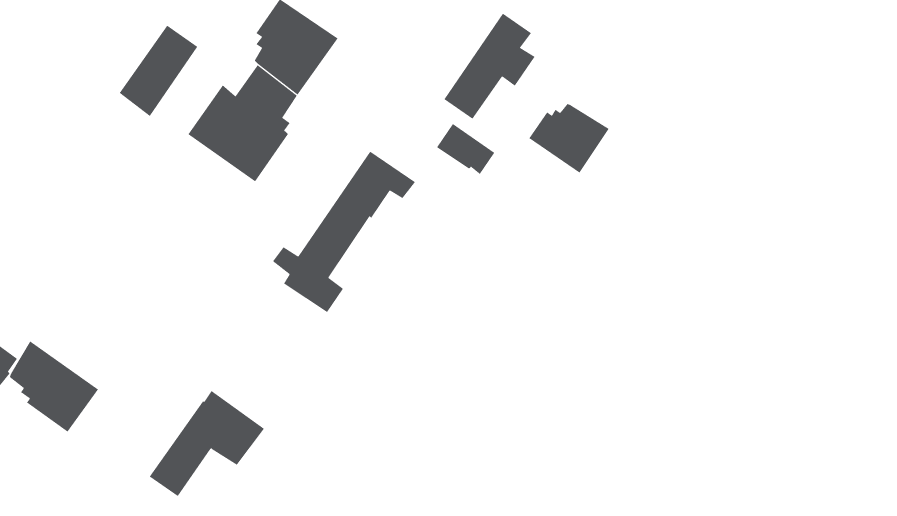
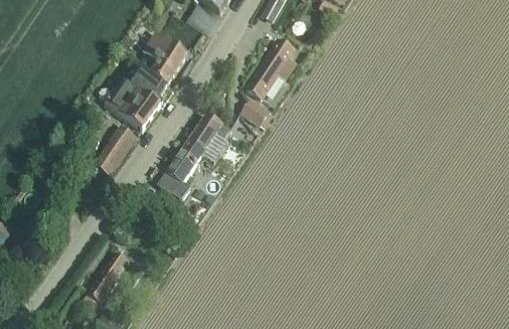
building: [119,25,198,117] -> [95,123,138,173]
building: [528,103,609,174] -> none
building: [9,340,99,433] -> none

